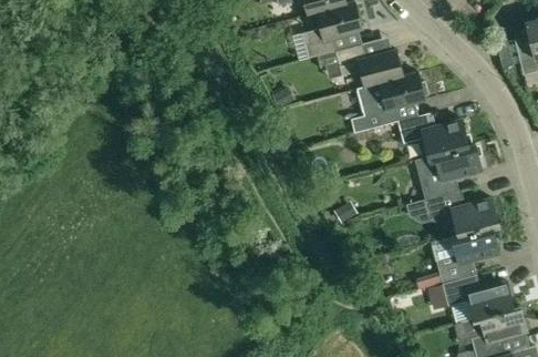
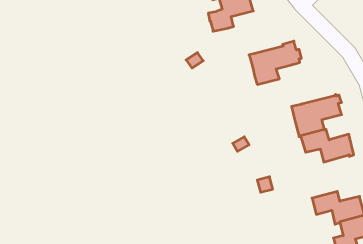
building: [335,43,403,88] -> none
building: [397,112,473,156] -> none
building: [416,225,498,288] -> none

